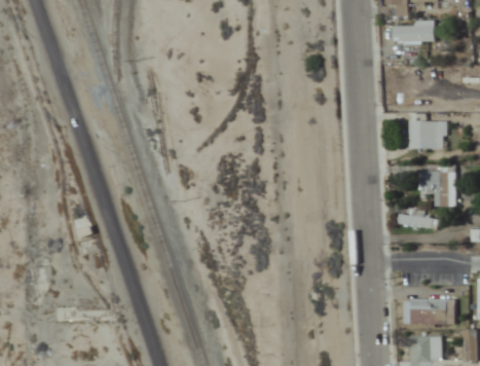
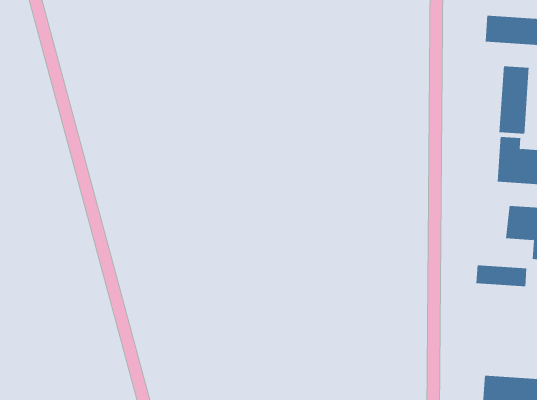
building: none -> [499,65,529,135]

